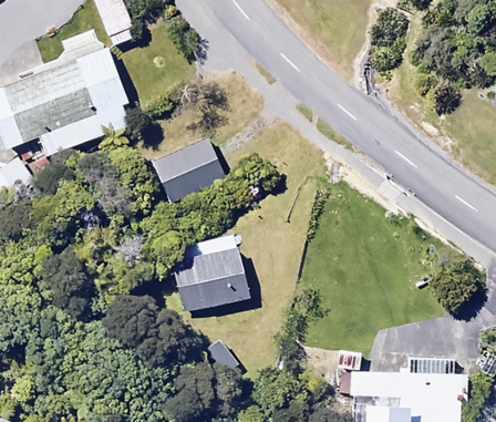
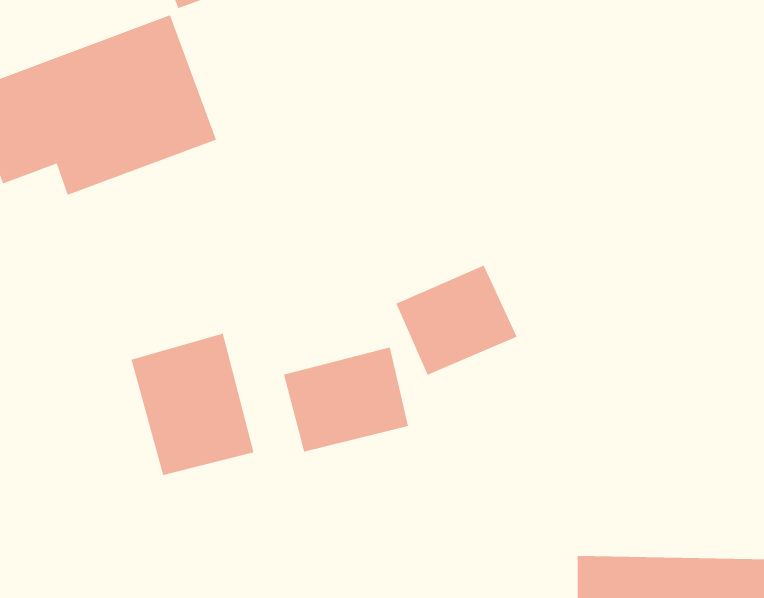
building: [151,136,224,203] -> [396,265,518,376]
building: none -> [131,333,254,476]

